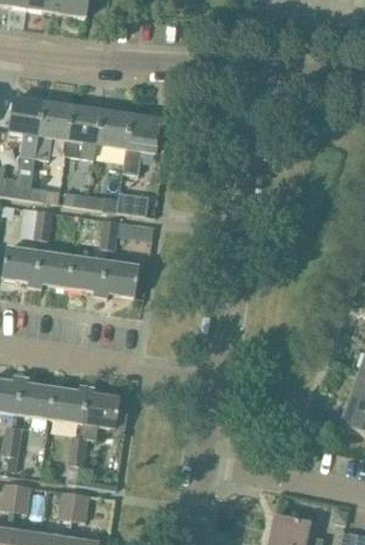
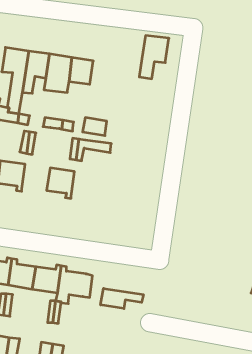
building: [122,115,162,172] -> [139,36,169,79]
building: [35,252,73,289] -> none
building: [101,262,139,299] -> none
building: none -> [101,288,143,309]

